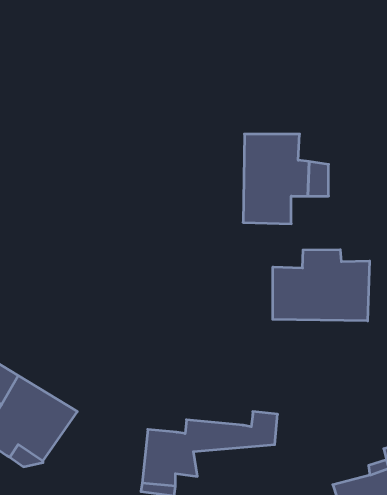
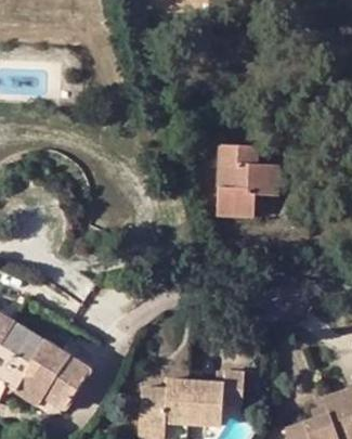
building: [273,250,370,321] -> none
building: none -> [178,393,242,422]

